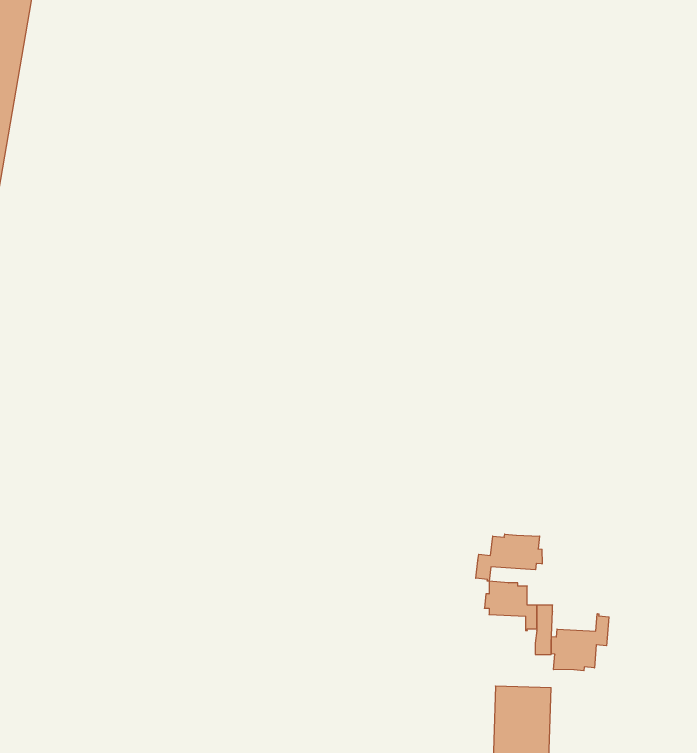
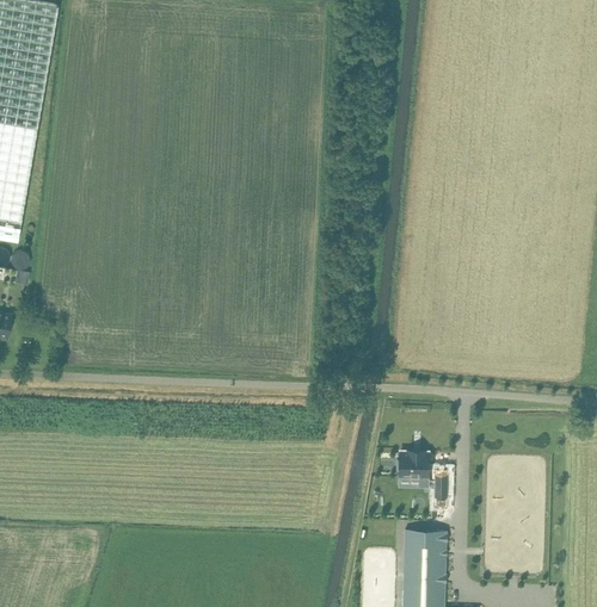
building: [476,534,542,581] -> none
building: [551,614,609,671] -> none

